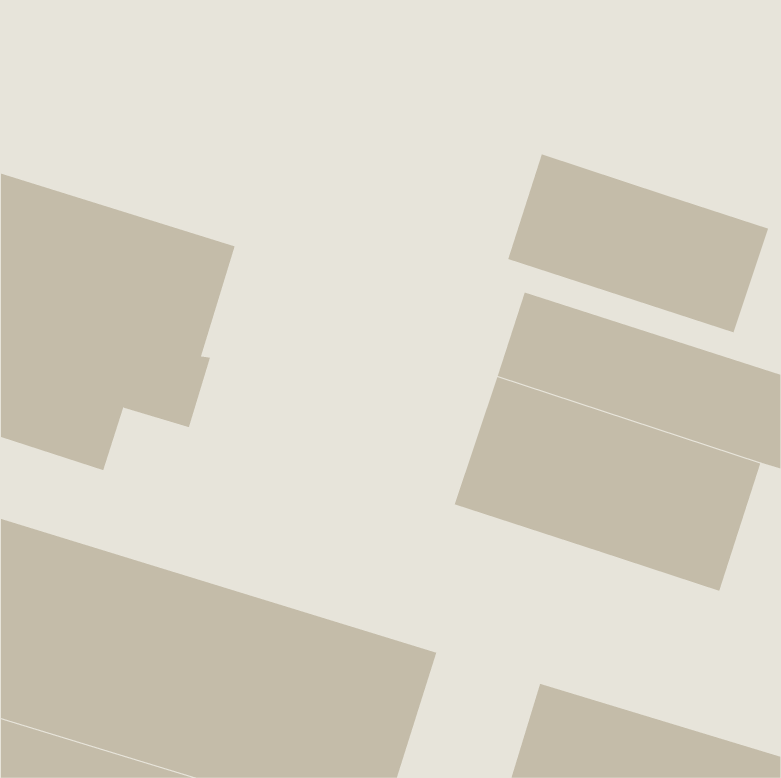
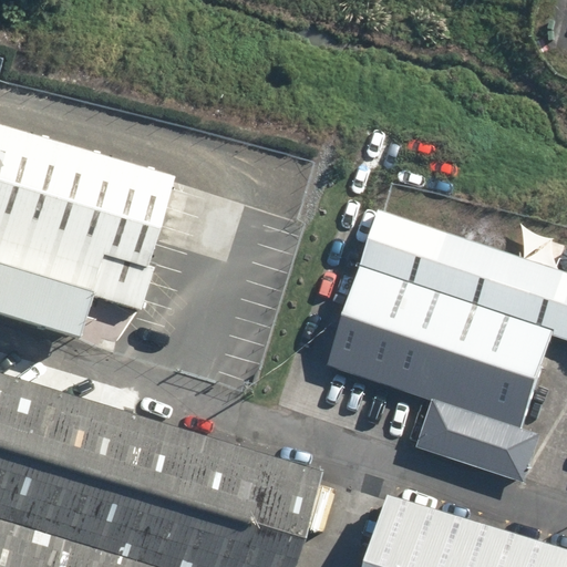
building: [507,154,769,333] -> none
building: none -> [419,400,540,483]

